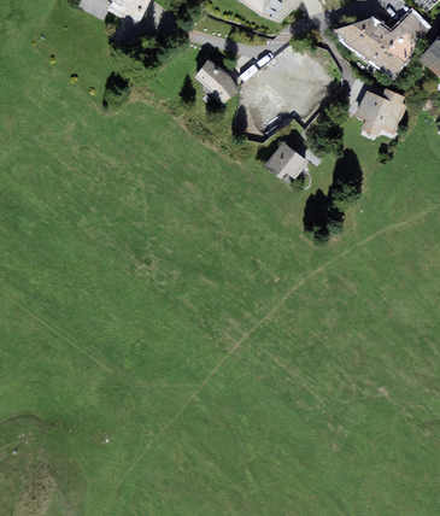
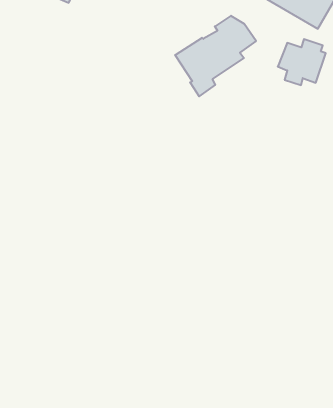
building: [194,60,237,102] -> none
building: [260,139,304,176] -> none

